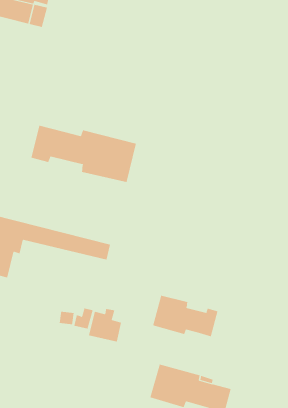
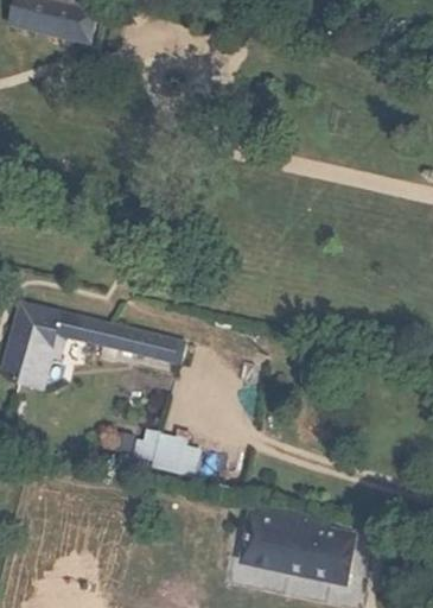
building: [31,125,136,183] -> none
building: [153,295,218,337] -> none

